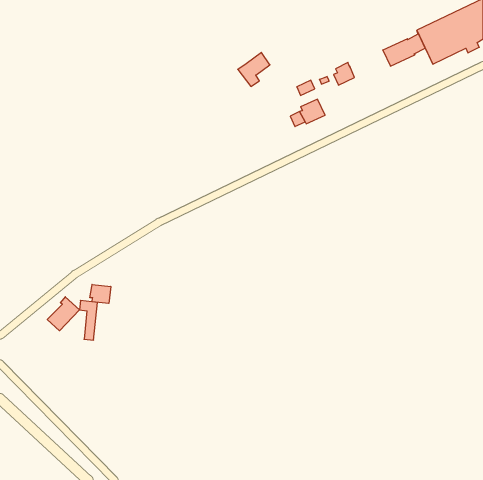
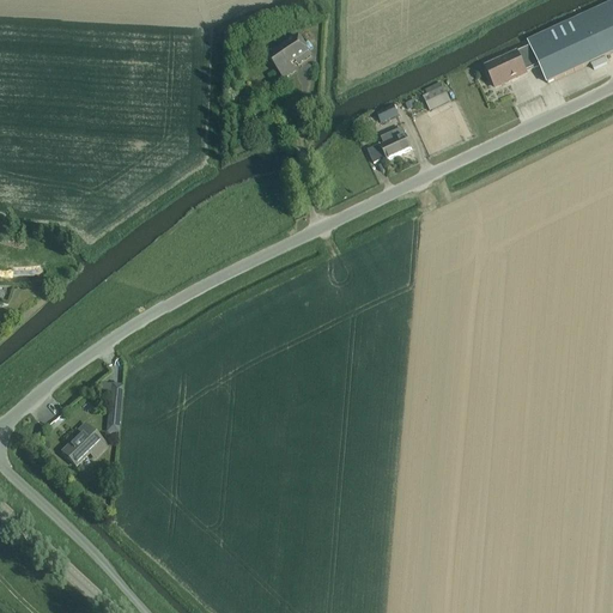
building: [238,52,270,86] -> [267,32,308,75]
building: [90,284,111,303] -> none
building: [47,297,79,331] -> [62,421,103,465]

